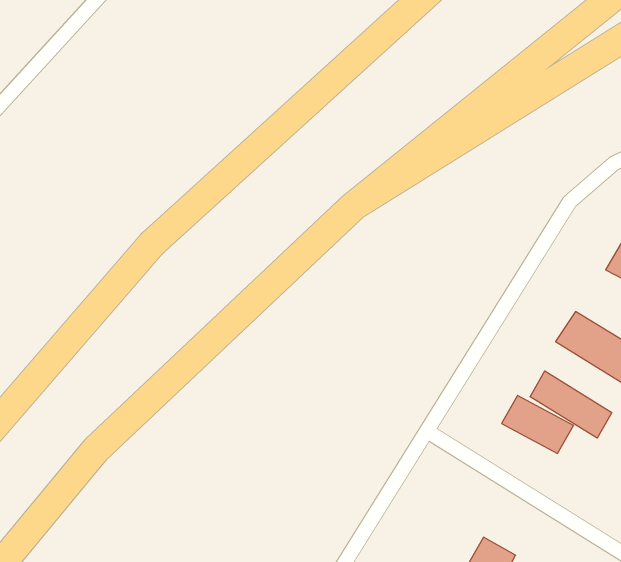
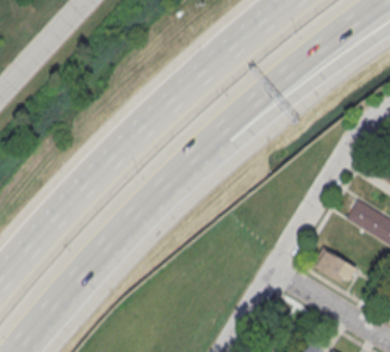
building: [530,371,612,438] -> none

